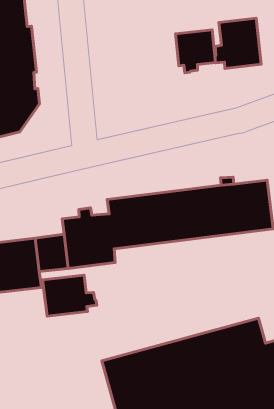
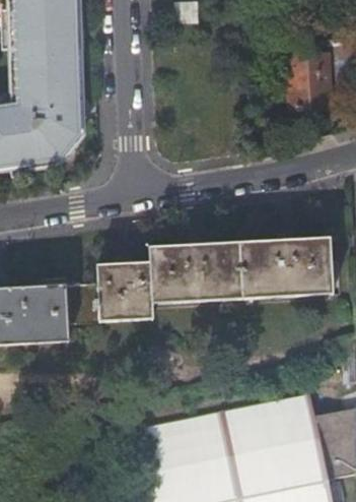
building: [176,30,215,73] -> none
building: [43,275,97,316] -> none

